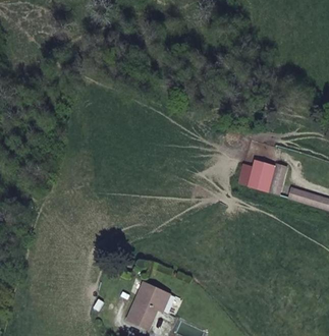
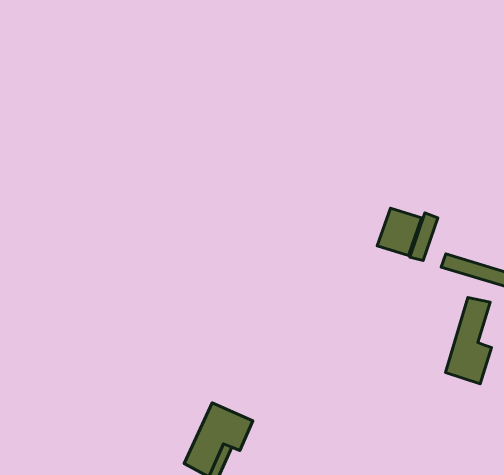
building: none -> [445,297,491,384]

